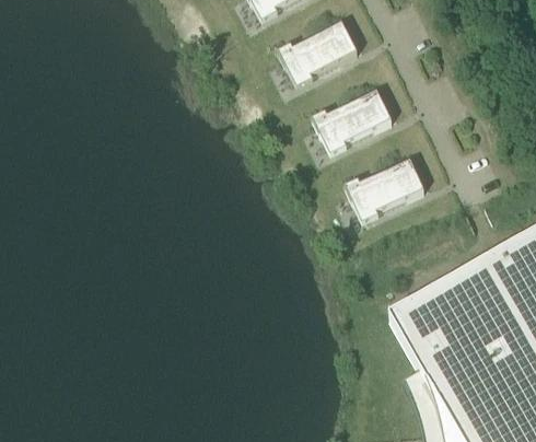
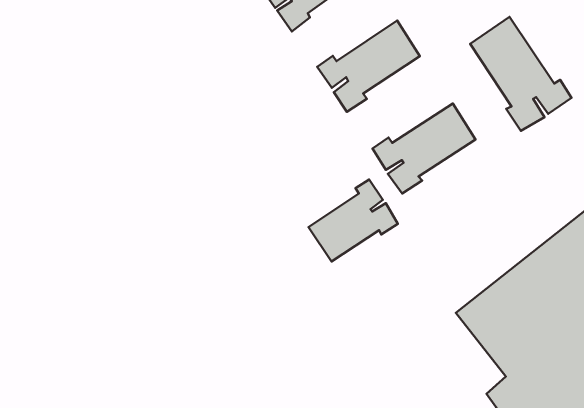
building: none -> [470,17,572,131]
building: none -> [308,180,398,261]

